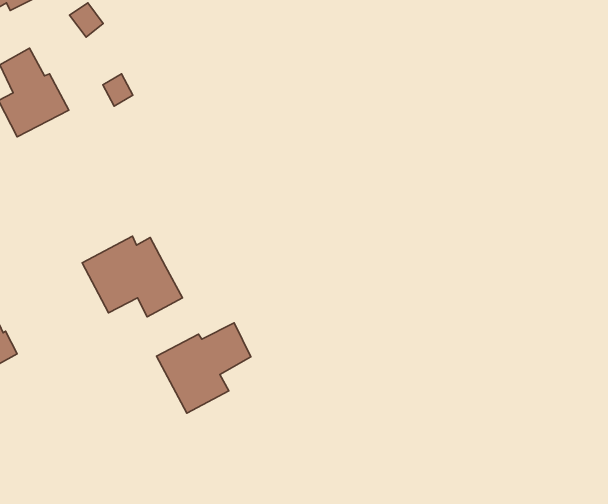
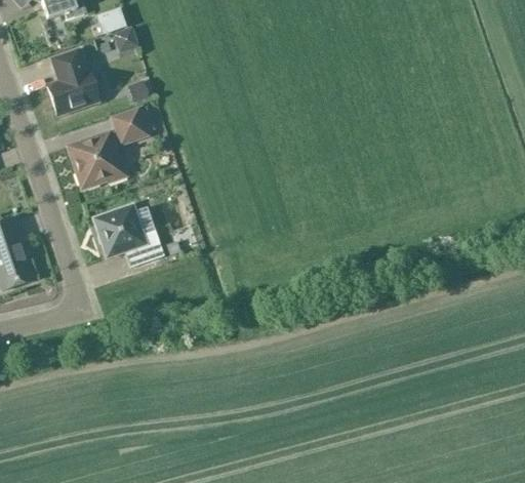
building: none -> [69,108,147,187]
building: [157,323,251,413] -> none

